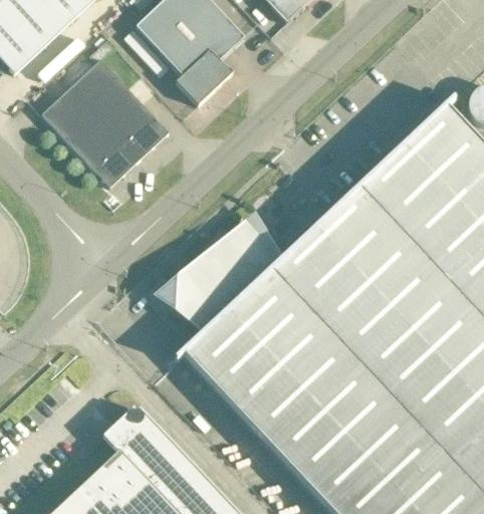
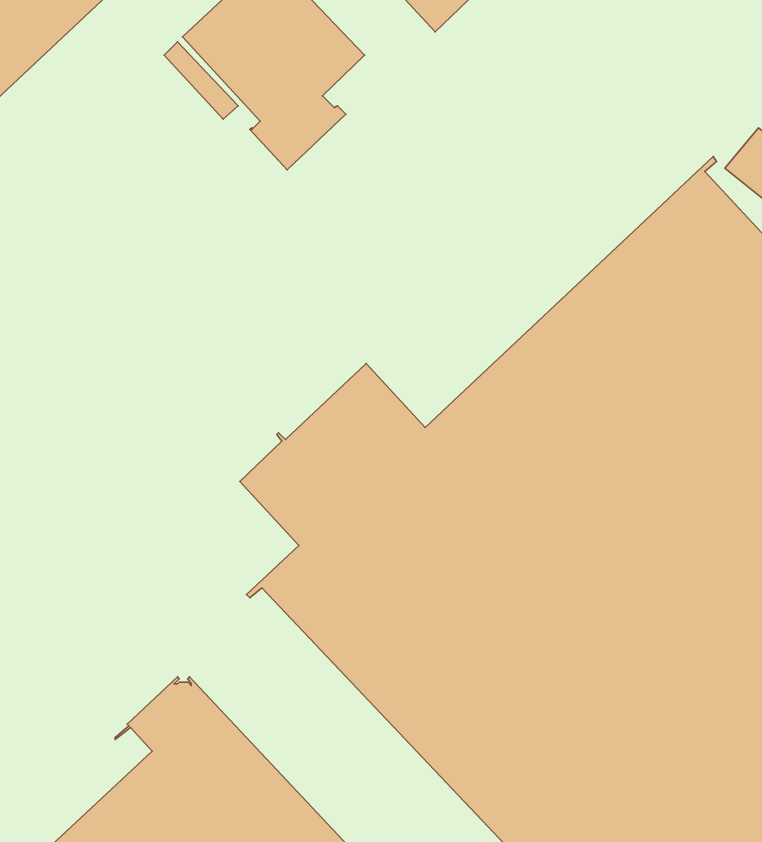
building: [40,59,168,187] -> none

